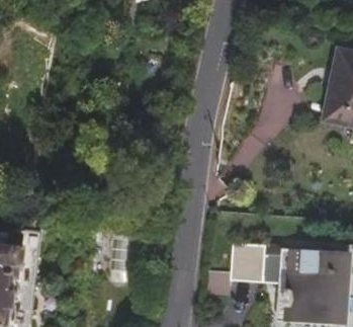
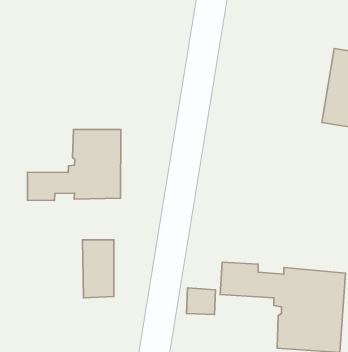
building: none -> [28,129,121,200]

